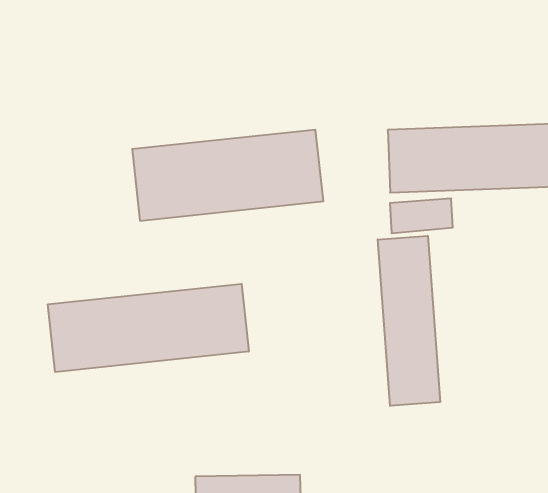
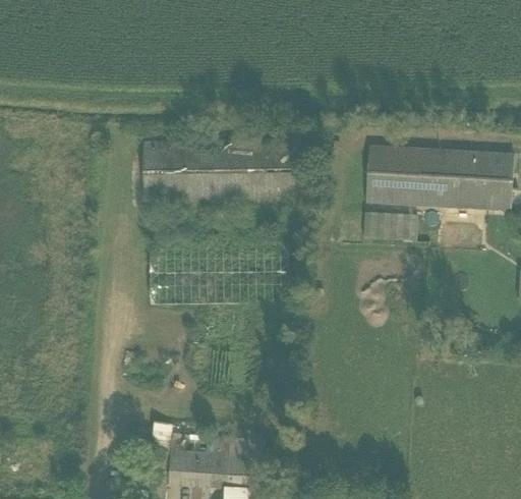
building: [378,236,440,406] -> none
building: [48,284,249,372] -> none

